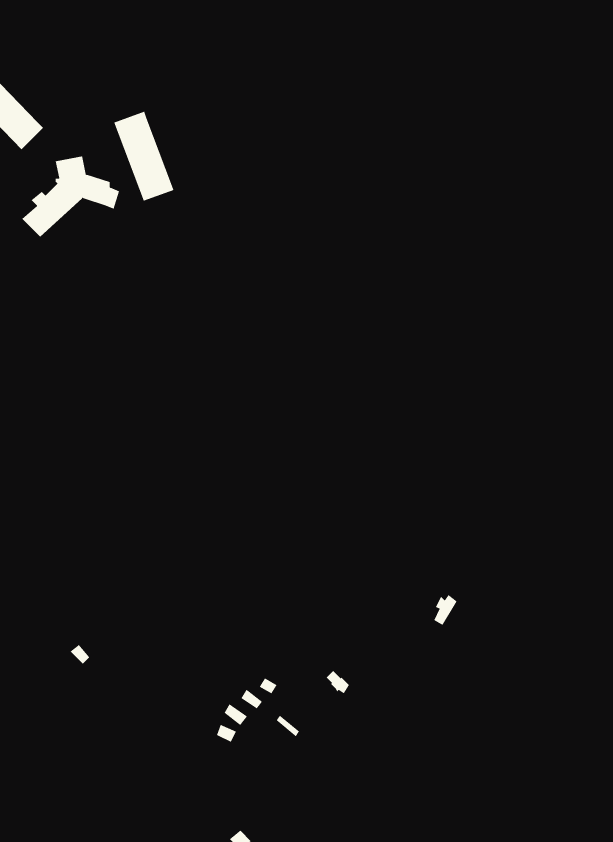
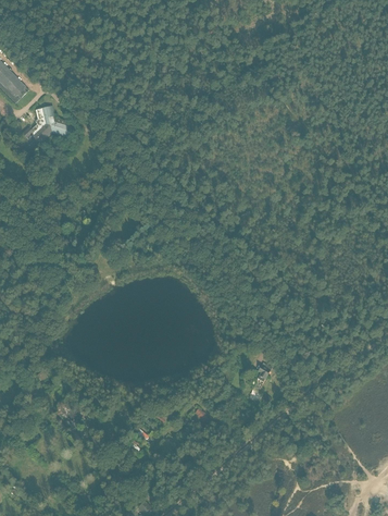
building: [114,111,174,202] -> none

